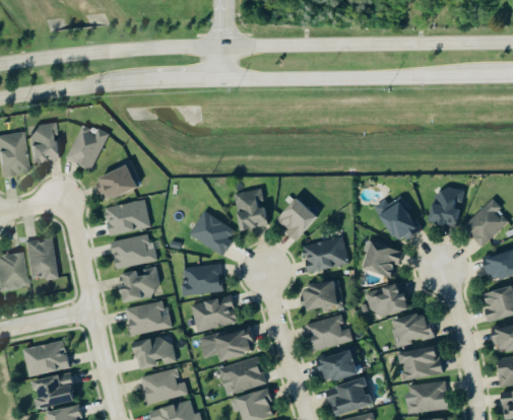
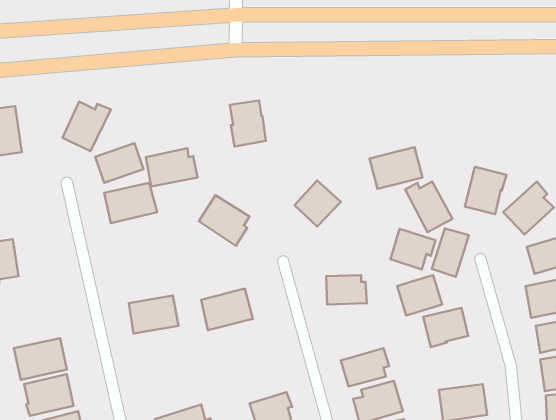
building: [29,122,58,161] -> none
building: [236,189,268,230] -> [230,100,266,147]
building: [111,233,157,268] -> [146,148,198,186]
building: [302,235,349,273] -> [369,147,422,189]
building: [24,236,59,280] -> none
building: none -> [432,228,469,277]
building: [182,263,222,294] -> none
building: [119,266,159,301] -> none
building: [306,314,354,351] -> none
building: [199,326,254,361] -> none
building: [132,336,176,369] -> none
building: [397,346,442,378] -> none
building: [218,356,267,396] -> none
building: [141,367,188,405] -> none

